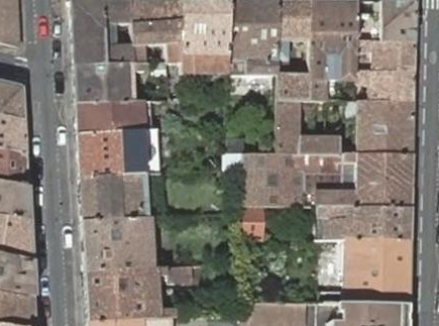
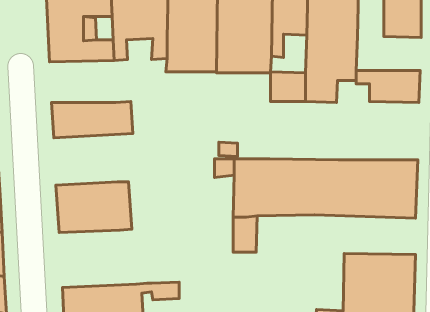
building: [356,40,416,72] -> none
building: [75,62,146,101] -> none
building: [277,100,341,153] -> none
building: [348,100,414,153] -> none
building: [79,129,161,177] -> none
building: [316,204,411,240] -> none
building: [84,217,164,270] -> none

